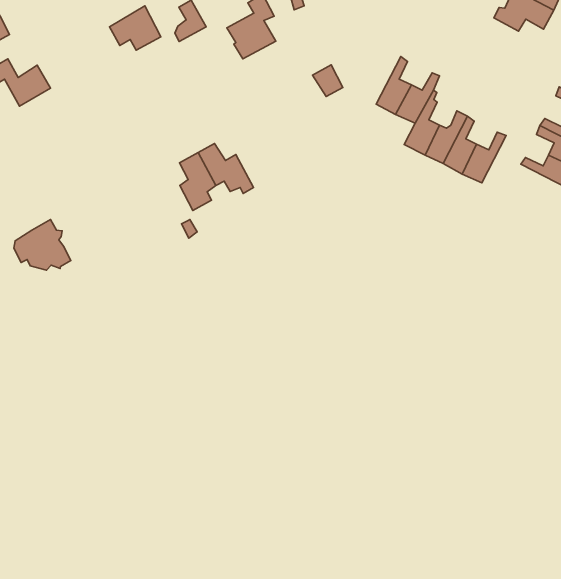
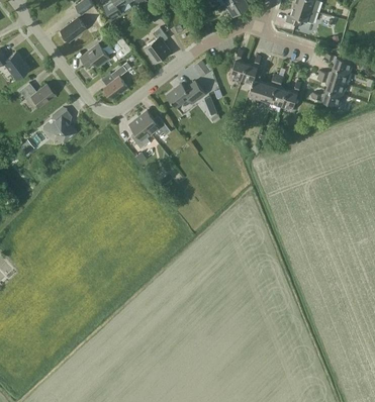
building: none -> [104,61,131,98]
building: none -> [166,80,205,107]
building: [14,220,71,270] -> [43,112,75,139]

